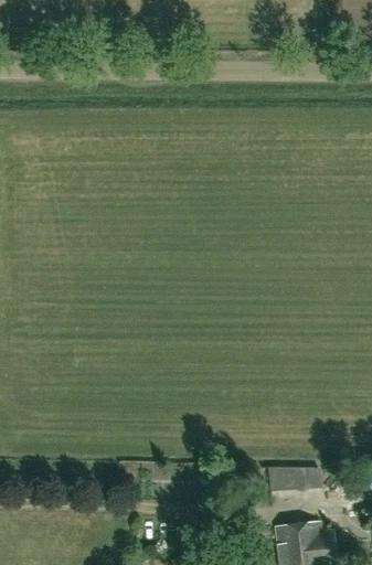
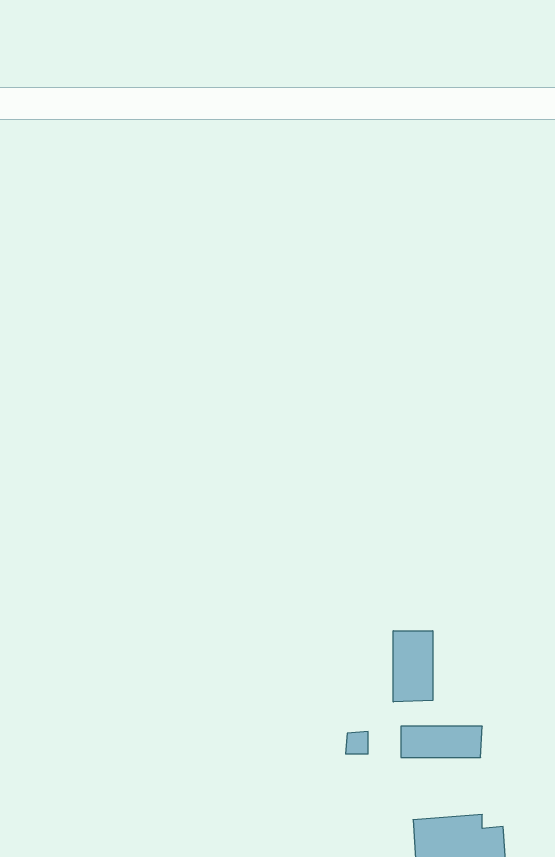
building: none -> [393,631,433,702]

